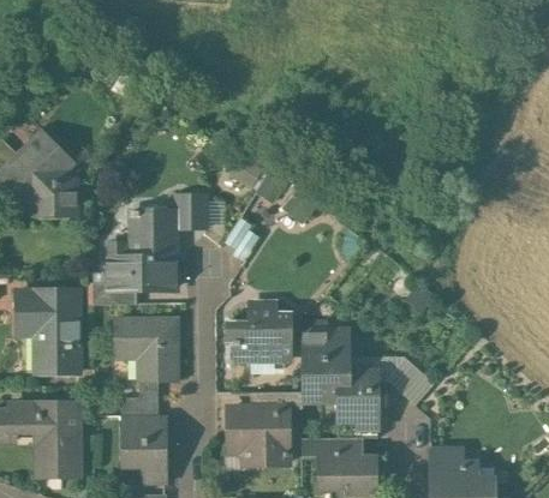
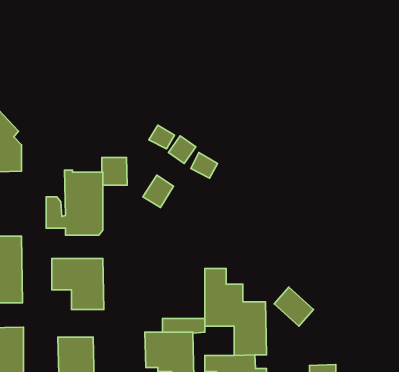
building: [93,282,137,305] -> none
building: [226,302,292,364] -> none
building: [121,382,159,415] -> none

